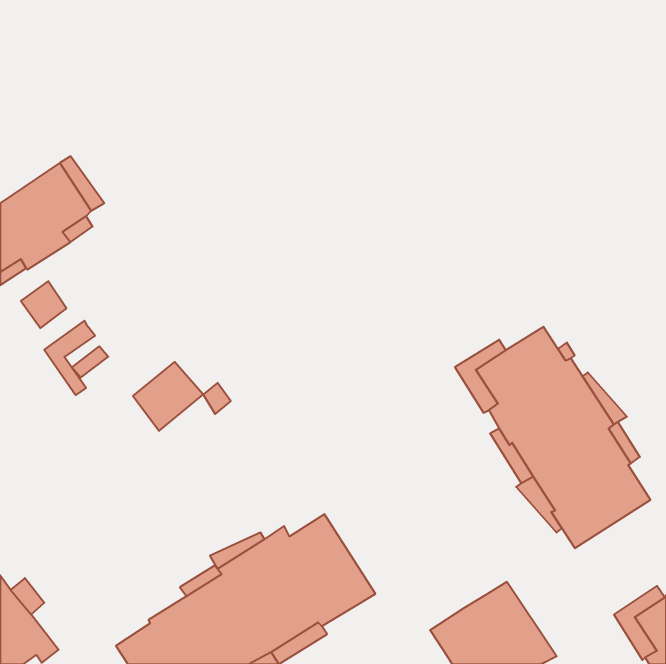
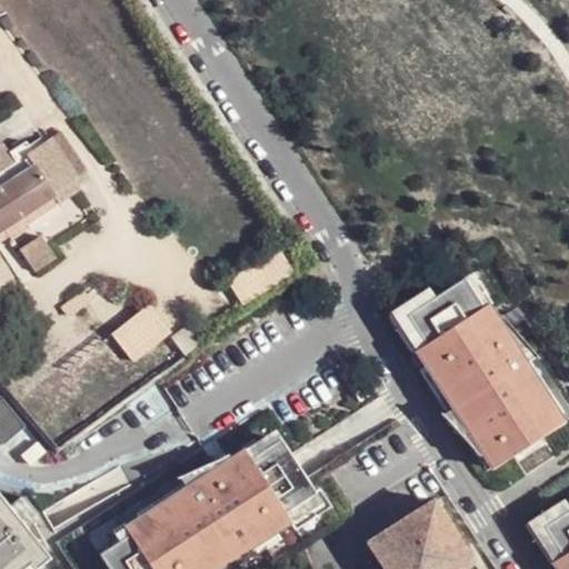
building: [44,321,95,395] -> none

